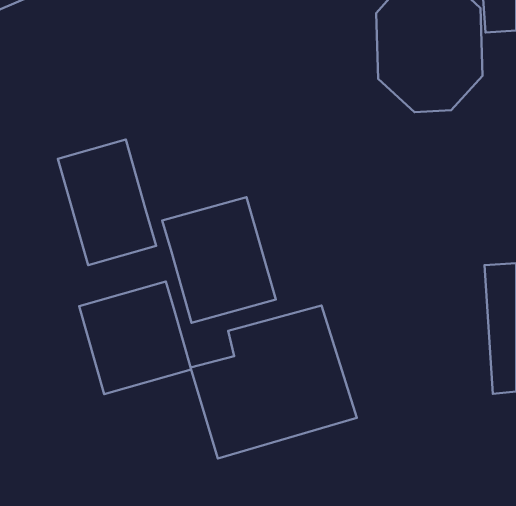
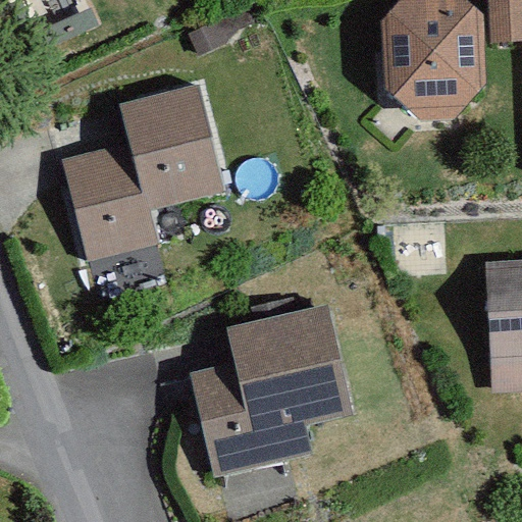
building: [162,197,276,323] -> [117,86,231,212]
building: [79,281,191,394] -> none

